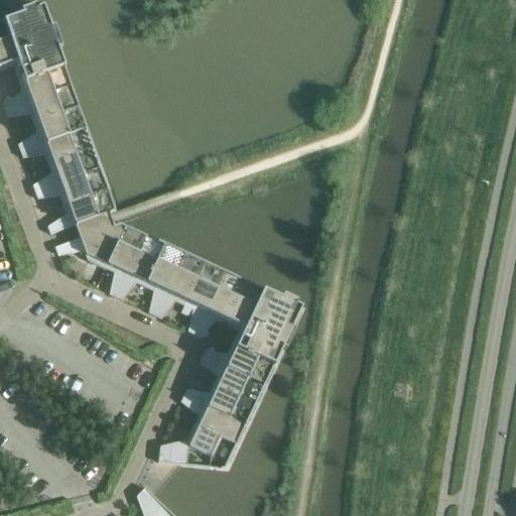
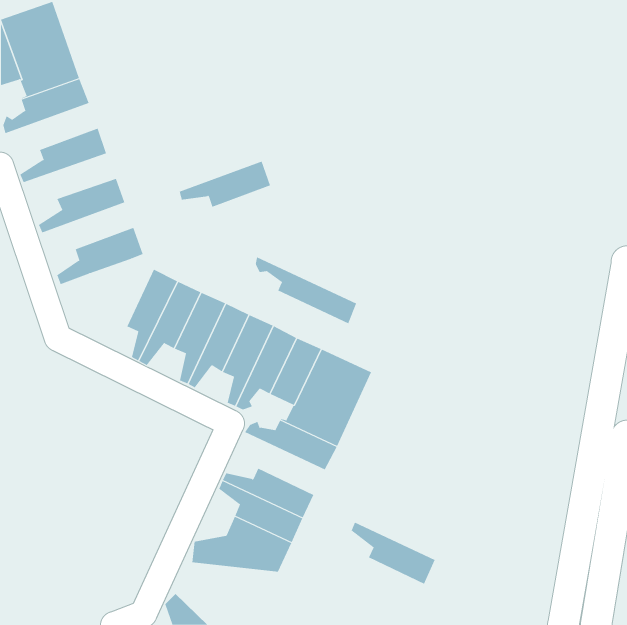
building: [4,85,81,123] -> none
building: [19,126,96,163] -> none
building: [34,166,110,205] -> [179,161,271,207]
building: none -> [255,257,357,324]
building: [53,213,126,268] -> none
building: [198,355,267,406] -> [351,522,436,584]

